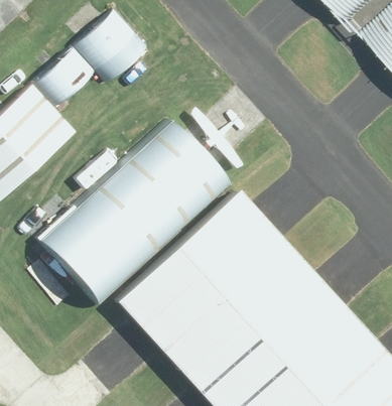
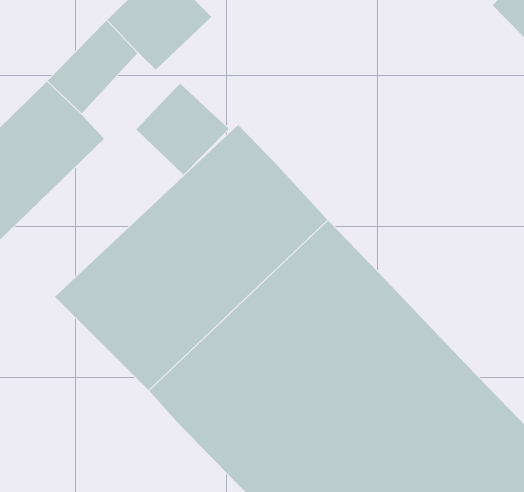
building: none -> [136,83,230,176]

